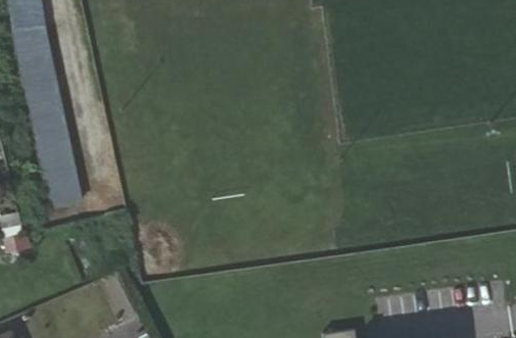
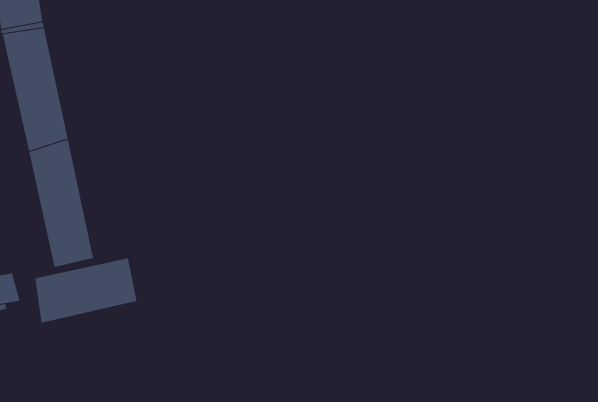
building: none -> [35,258,137,323]

